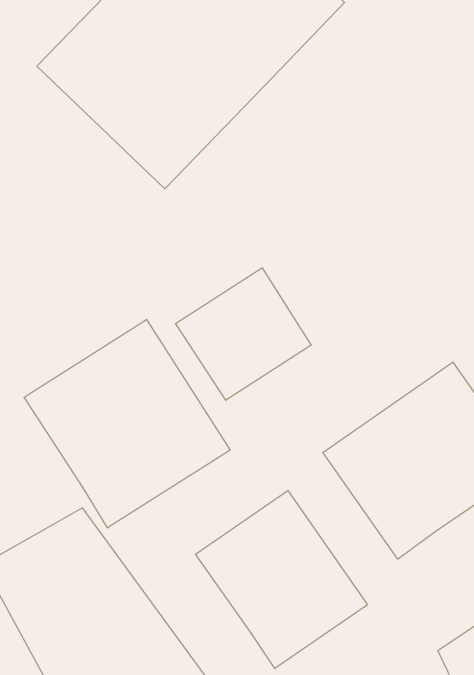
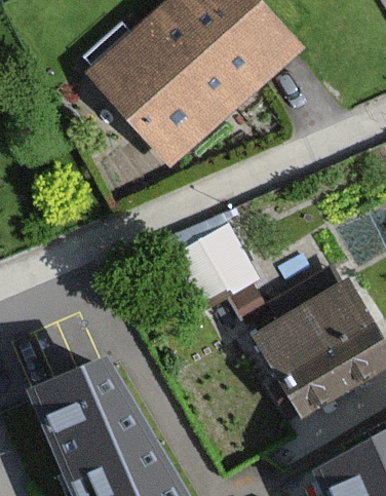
building: [24,319,230,528] -> none
building: [195,490,367,669] -> none

